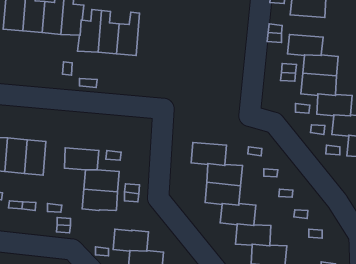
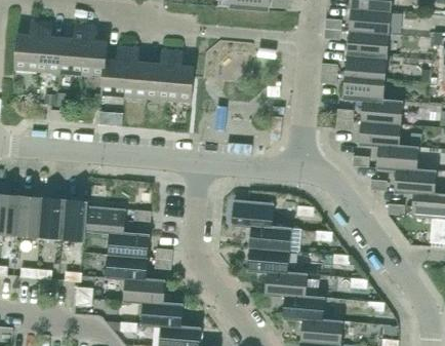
building: none -> [168,50,194,102]
building: none -> [346,52,387,78]
building: none -> [60,199,87,240]
building: none -> [124,278,165,303]

